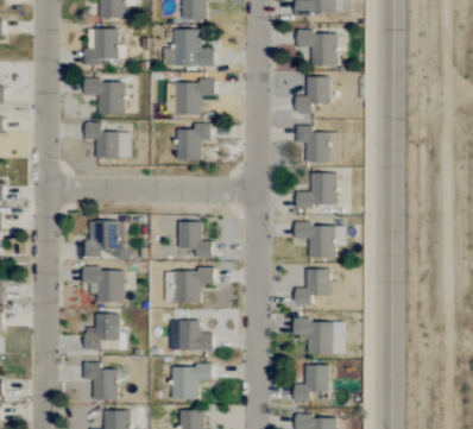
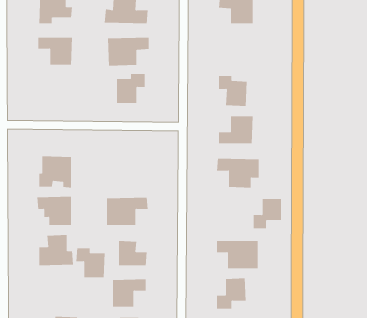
building: [296,77,330,113] -> none
building: [86,122,131,158] -> none
building: [178,222,213,258] -> none
building: [296,270,330,305] -> [253,198,282,229]
building: [83,364,119,399] -> [75,248,106,278]

